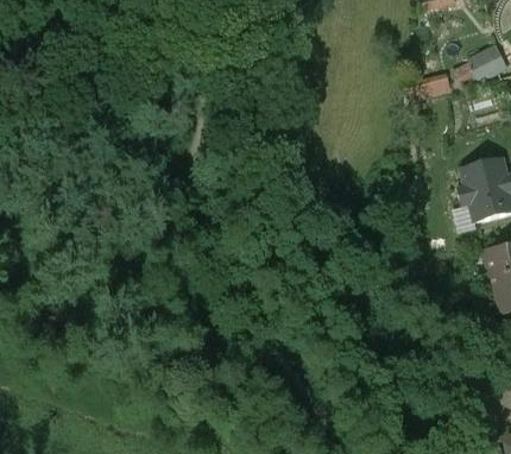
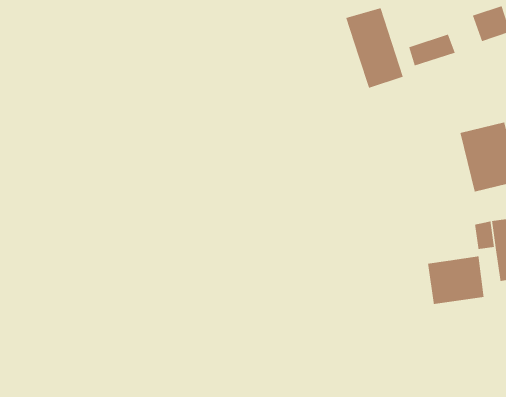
building: none -> [345,7,404,89]
building: none -> [427,256,484,305]

